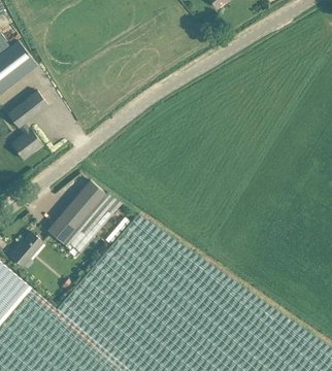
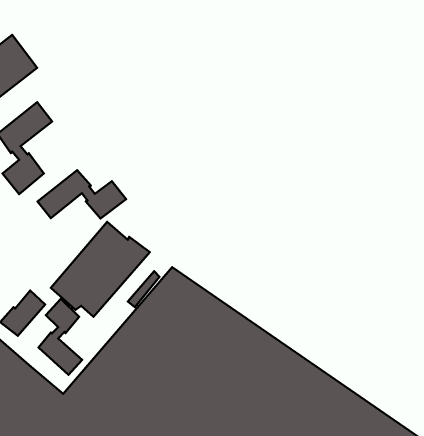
building: none -> [37,170,126,218]
building: none -> [38,299,82,375]

